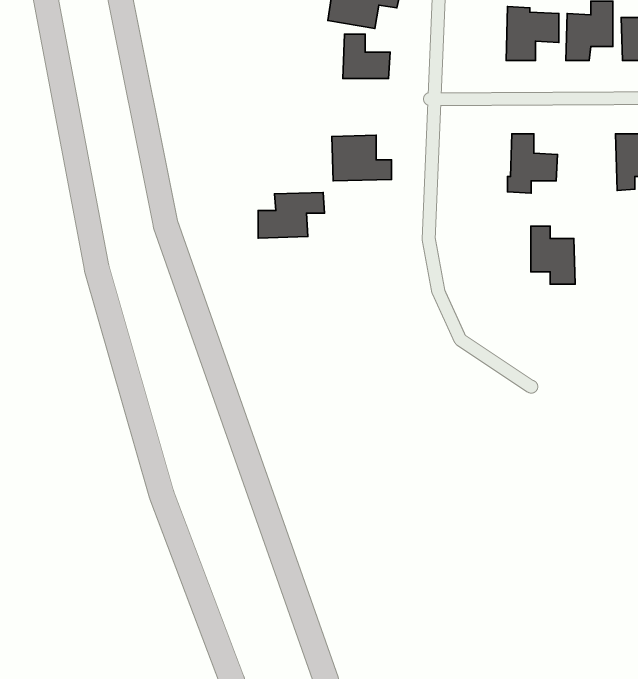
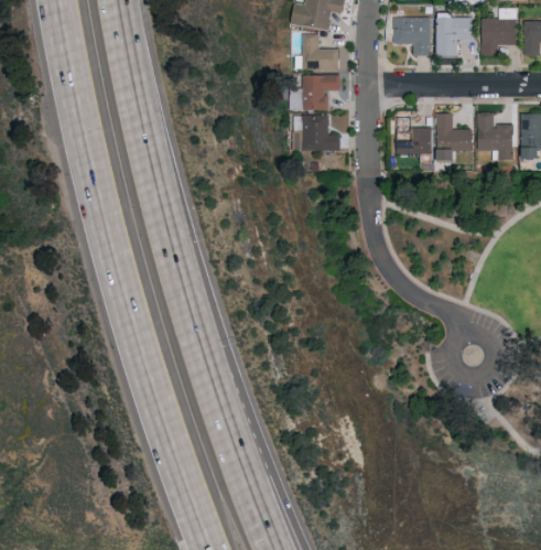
building: none -> [394,18,432,54]
building: none -> [394,117,431,154]
building: [258,192,324,238] -> [289,74,342,110]
building: [531,226,575,284] -> [478,114,513,160]

